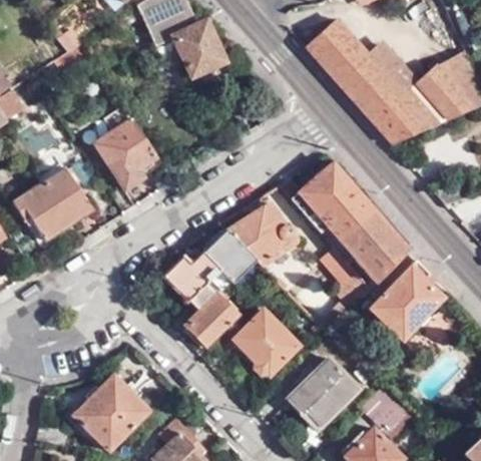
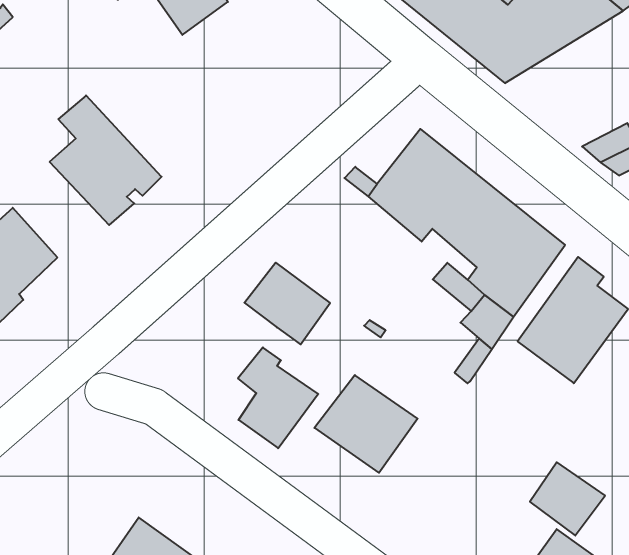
building: [226,203,300,268] -> none
building: [163,254,220,304] -> none
building: [288,358,361,431] -> none

